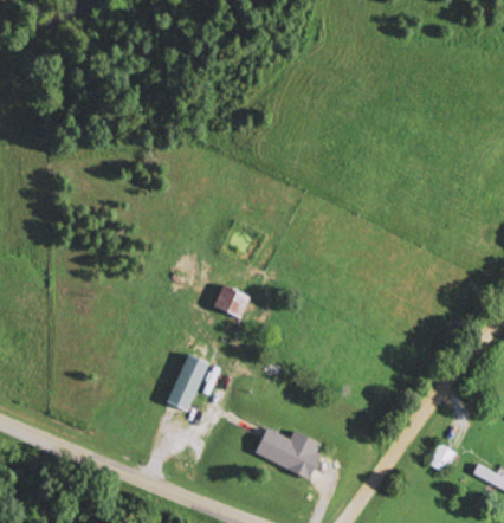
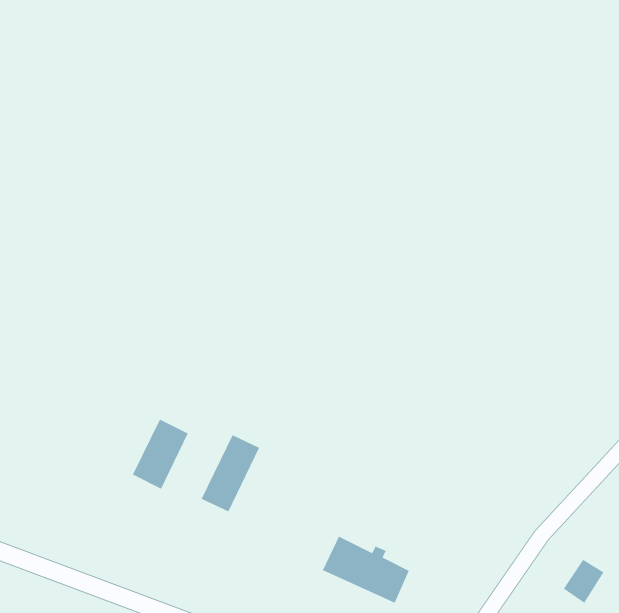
building: [215,286,248,317] -> none
building: none -> [132,418,189,490]

